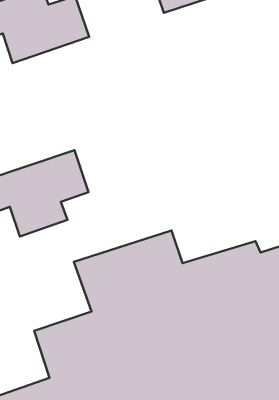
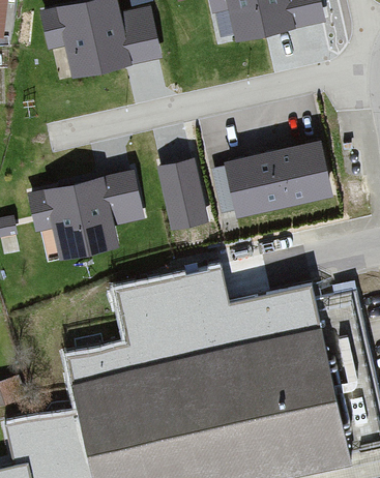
building: none -> [227,145,322,214]
building: none -> [155,162,202,228]

